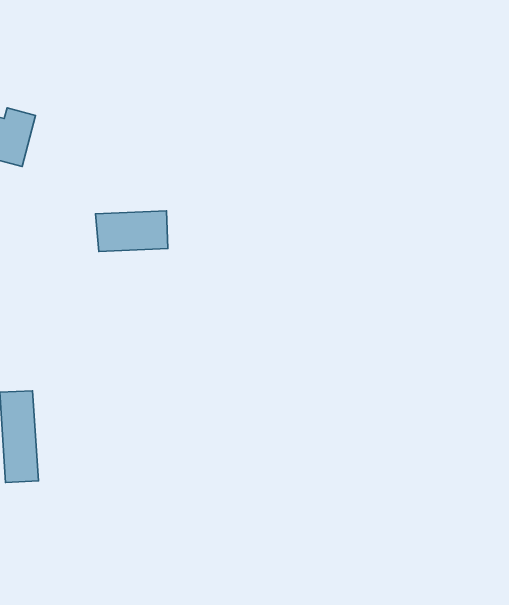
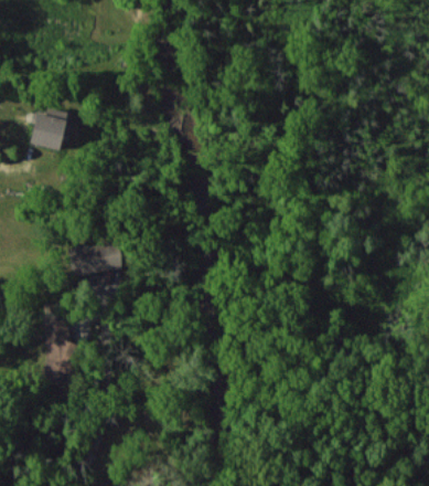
building: [96,211,168,251] -> [69,244,122,274]

